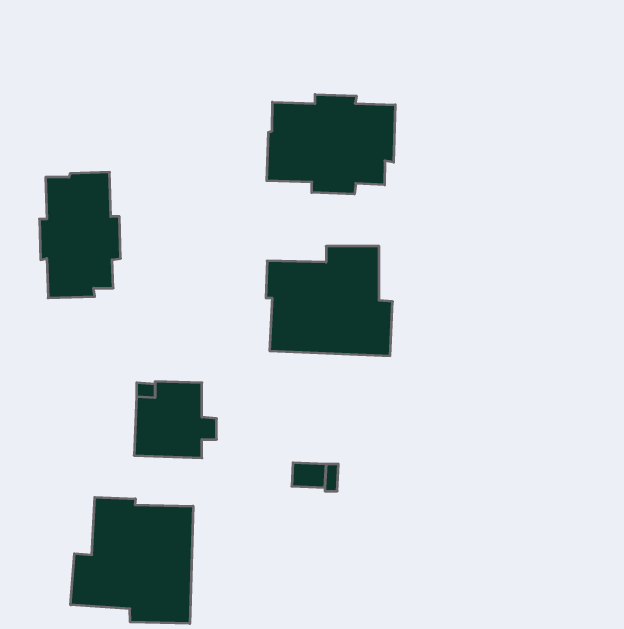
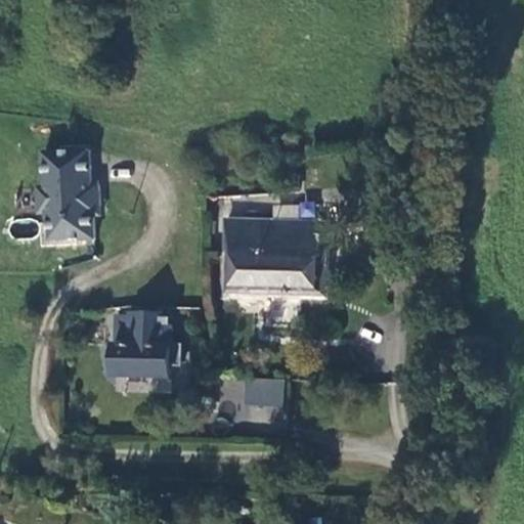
building: [267,94,395,194] -> none
building: [71,497,193,624] -> none

